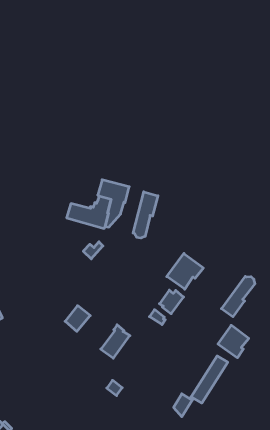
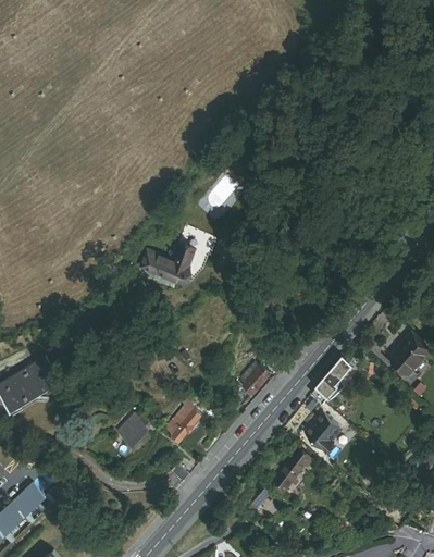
building: [133,192,158,238] -> none
building: [167,253,203,289] -> none
building: [65,306,90,331] -> [120,419,150,449]

